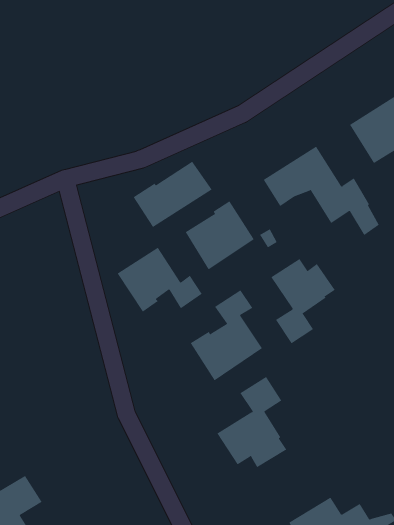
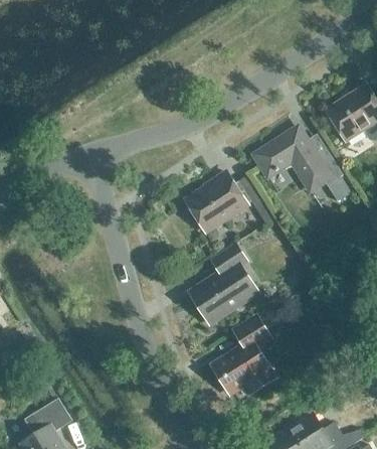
building: [133,161,212,227] -> none
building: [117,247,202,312] -> none
building: [270,258,336,344] -> none

